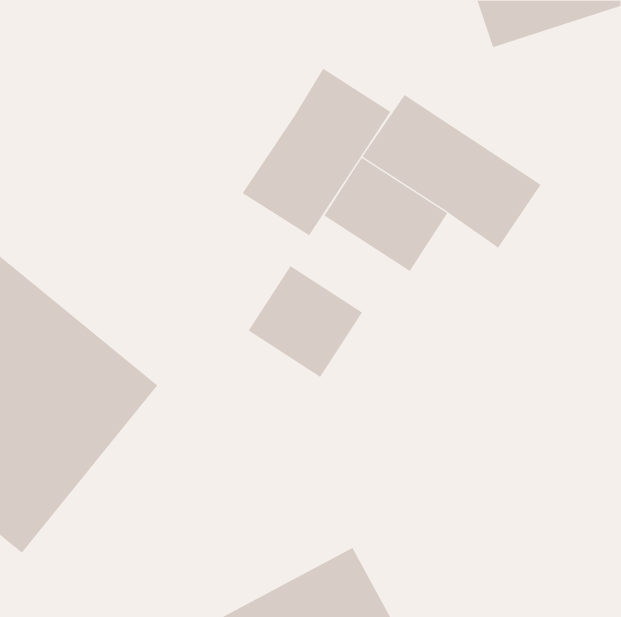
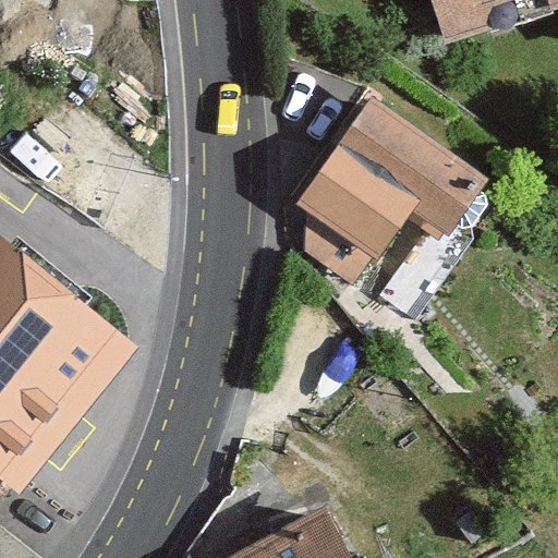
building: [242,68,391,236] -> none
building: [248,265,363,378] -> none

